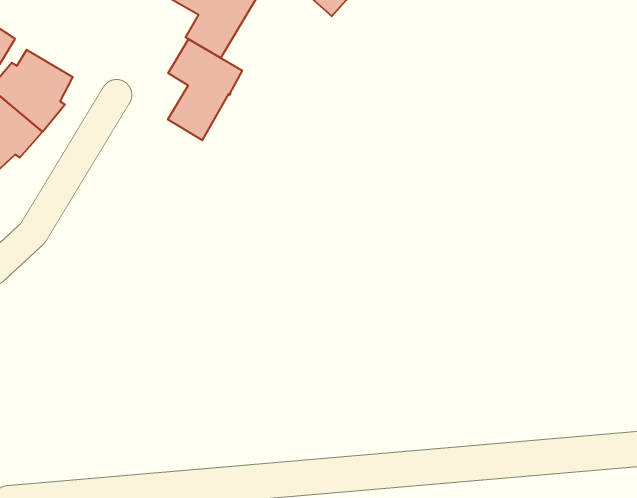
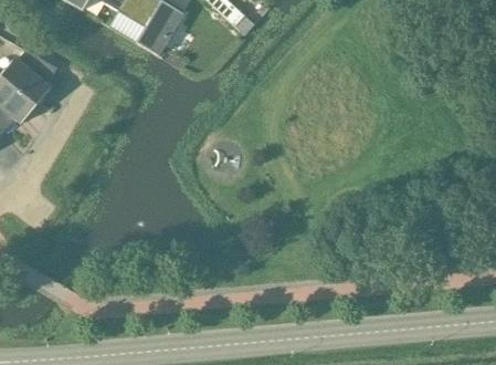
building: [168,39,242,140] -> none

